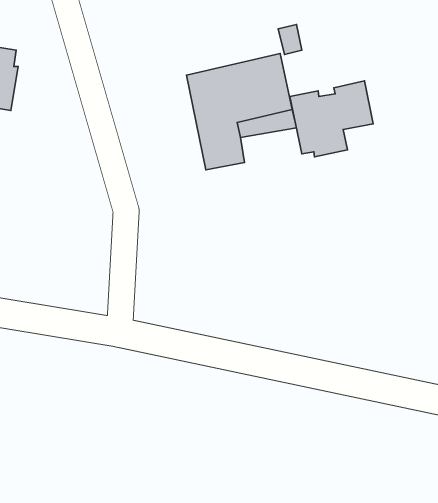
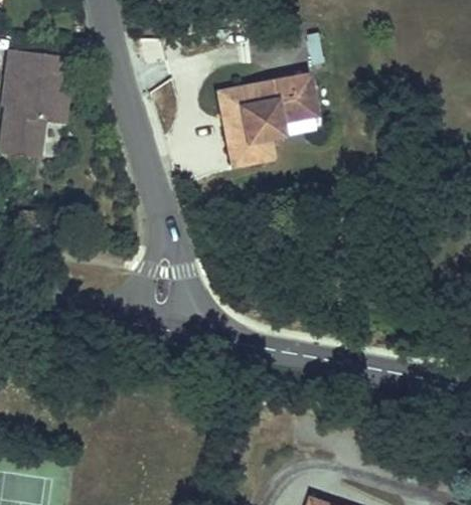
building: [290,81,373,157] -> none

